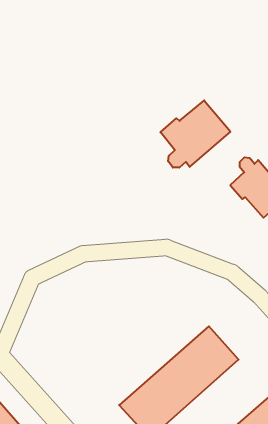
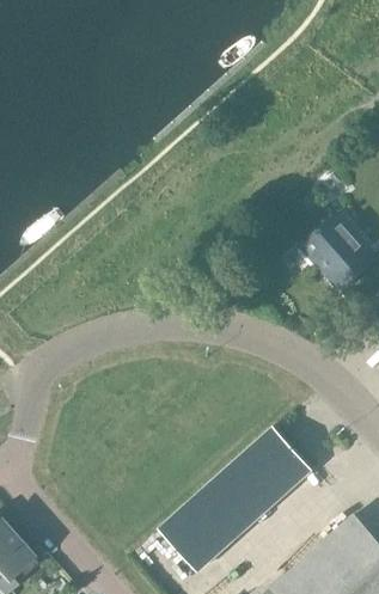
building: [160,100,230,168] -> none

